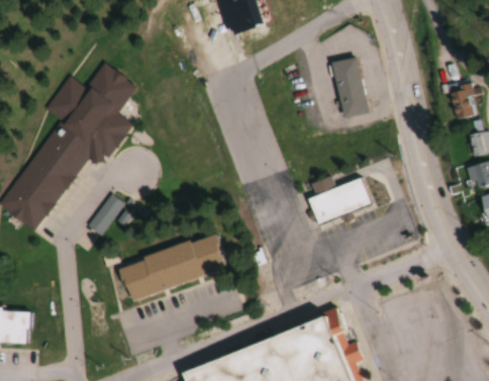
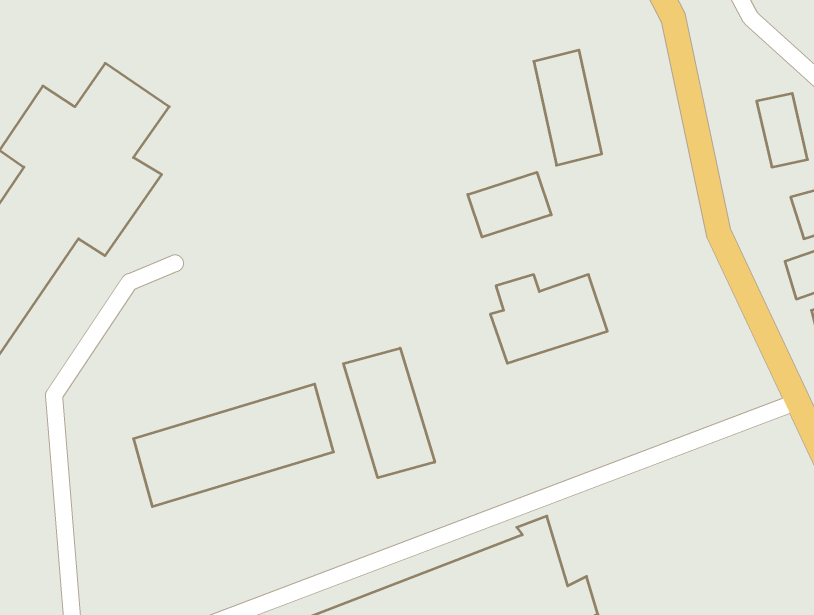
building: none -> [468,172,551,237]
building: [90,194,123,236] -> none
building: none -> [343,348,435,478]

